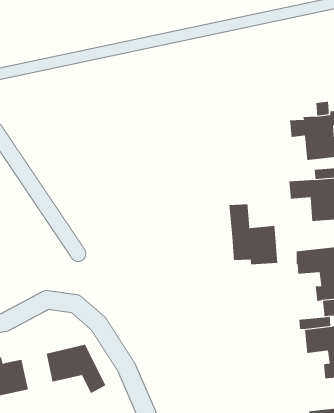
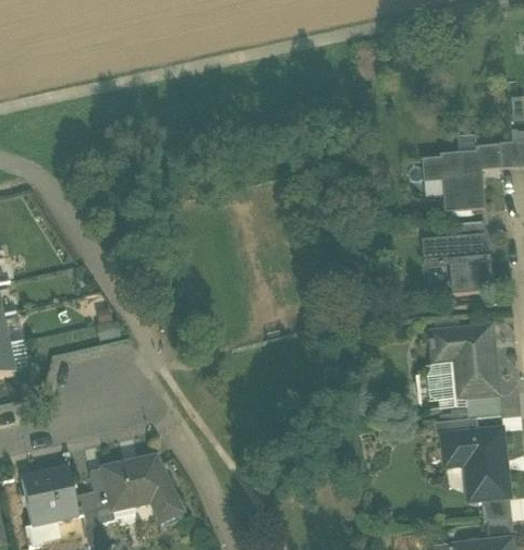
building: [229,203,278,265] -> none
building: none -> [428,360,464,401]
building: none -> [73,469,108,524]

